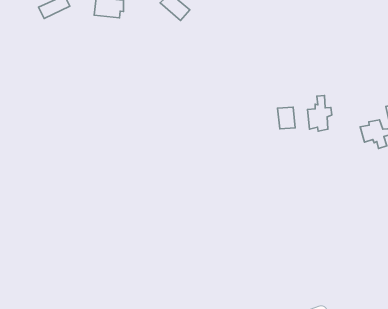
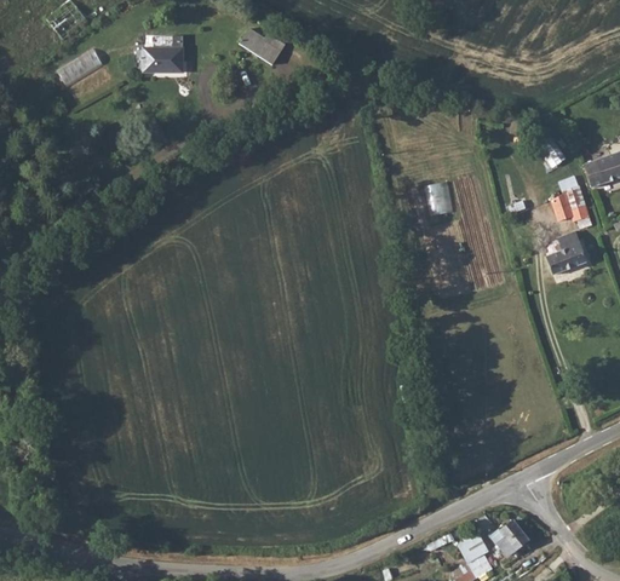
building: [308,95,332,131] -> none
building: none -> [547,229,587,274]

